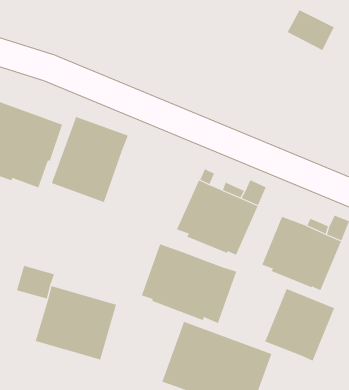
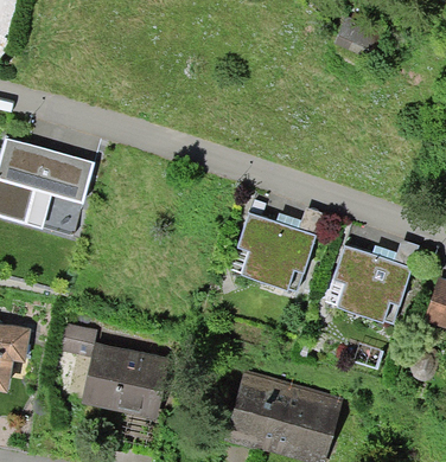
building: [51,116,129,203] -> none
building: [141,244,237,324] -> none
building: [264,288,335,362] -> none

